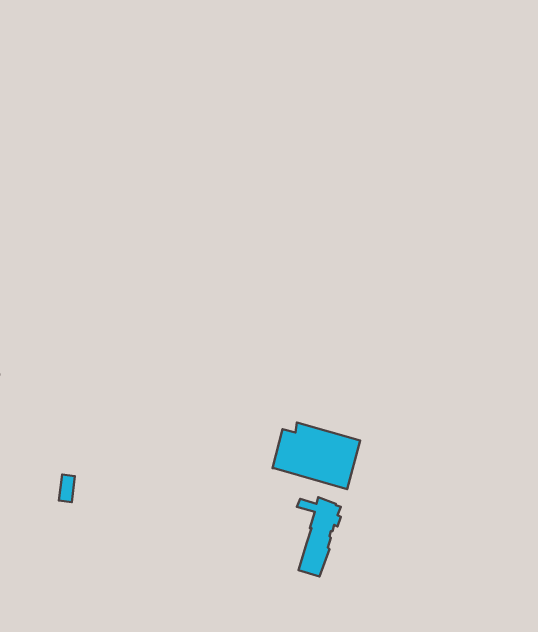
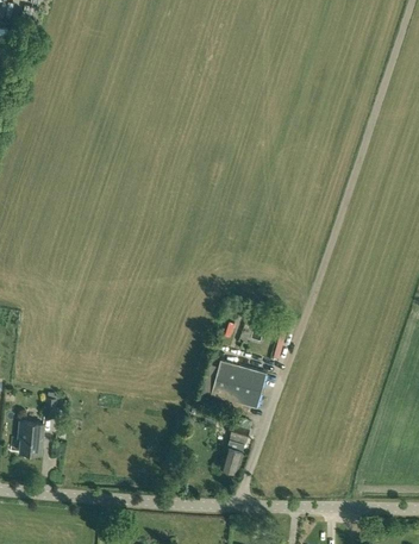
building: none -> [18,423,43,456]

